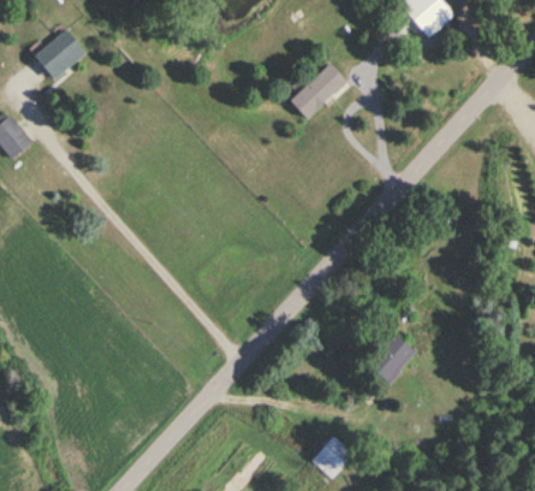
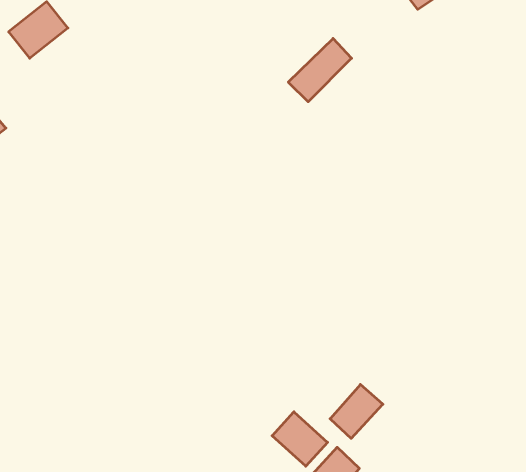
building: [368,332,416,381] -> [330,384,383,438]
building: none -> [272,412,328,466]

